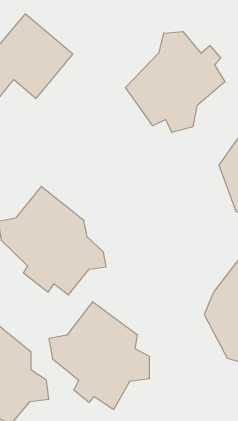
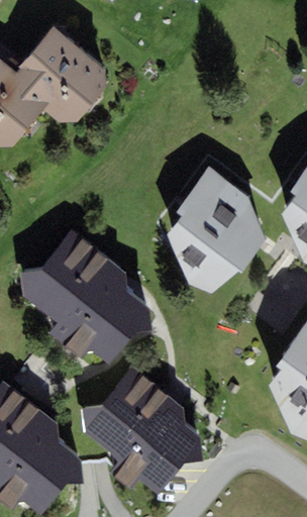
building: [125,31,225,133] -> none
building: none -> [165,167,265,297]

